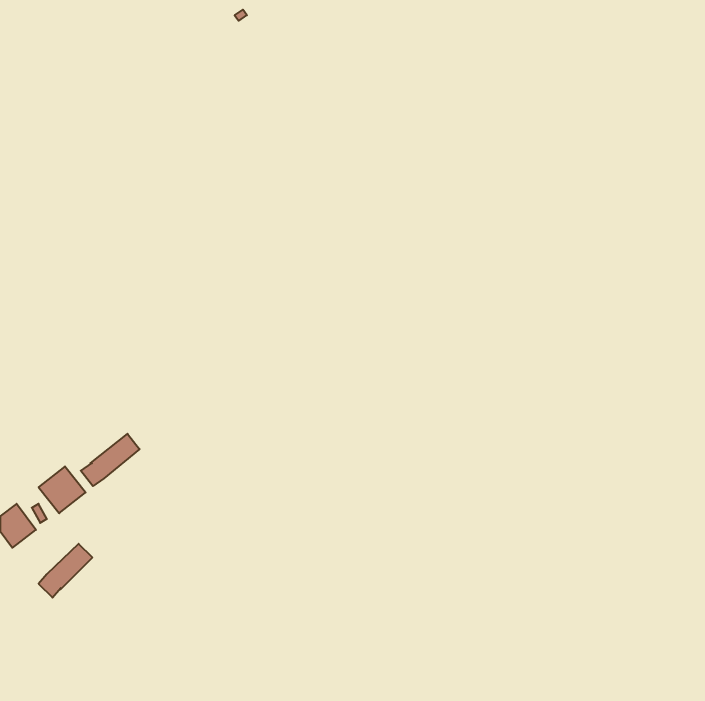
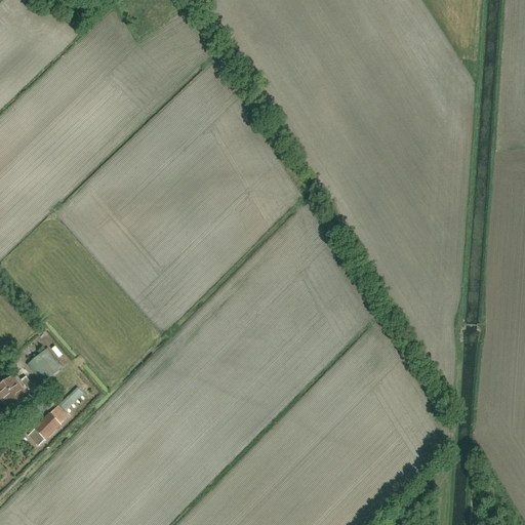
building: [81,434,140,486] -> none

